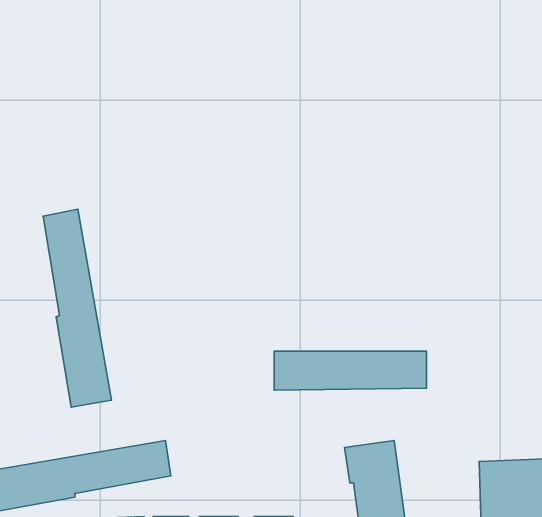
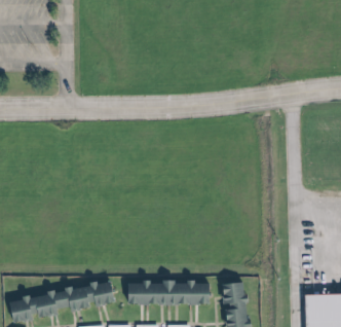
building: [43,209,111,407] -> none
building: [274,351,426,390] -> [126,282,215,304]

